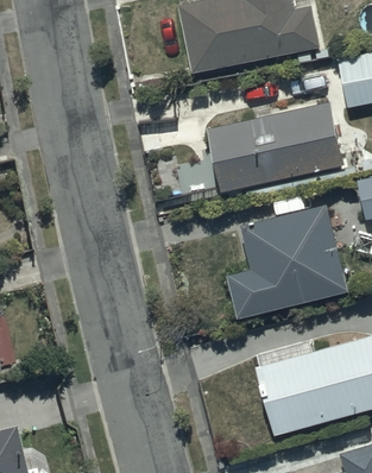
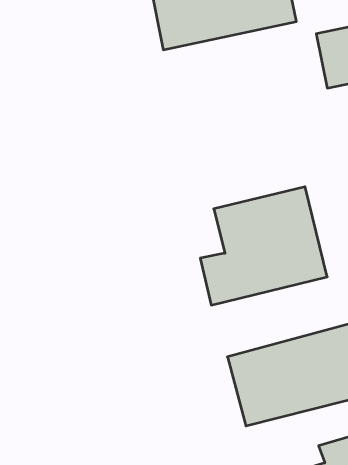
building: [157,103,343,193] -> none

